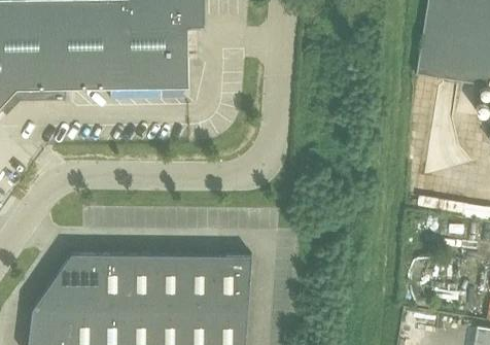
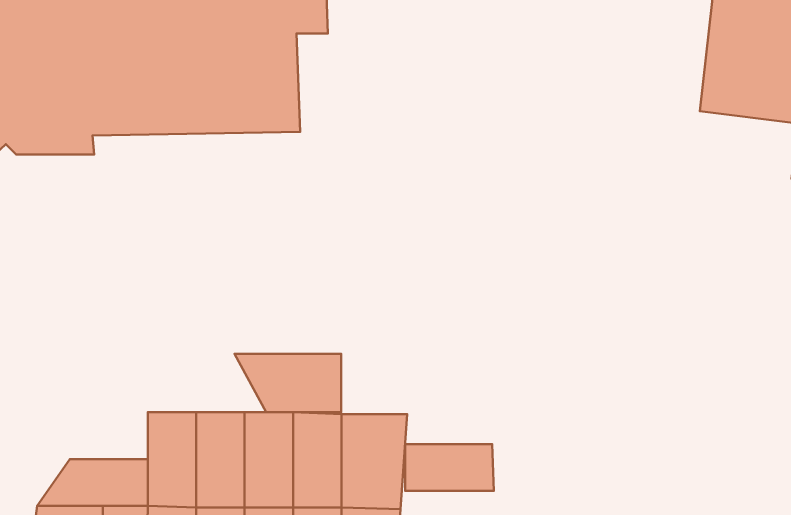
building: none -> [234,354,341,412]
building: [51,254,98,283] -> none
building: none -> [405,444,494,491]

